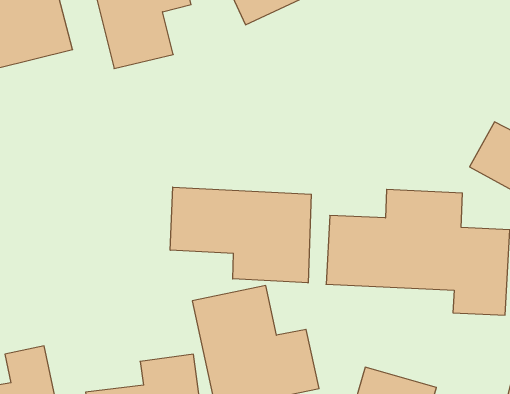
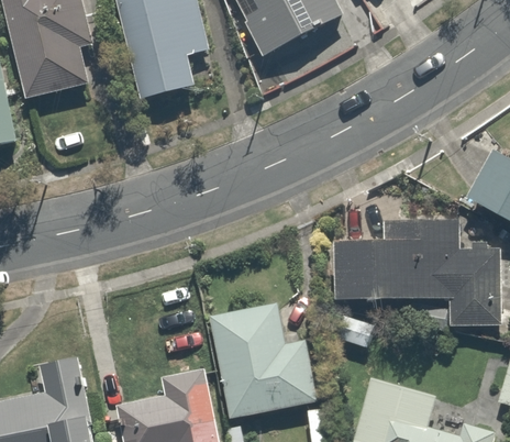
building: [170,187,311,283] -> none

